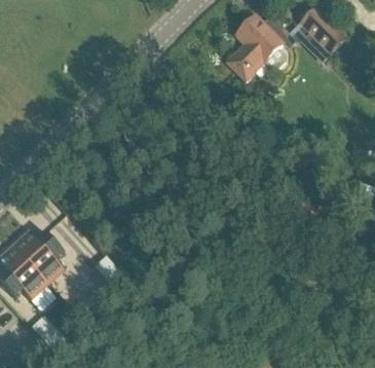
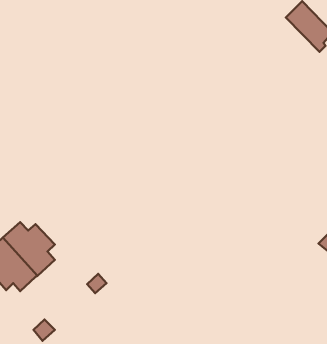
building: [224,13,290,81] -> none

